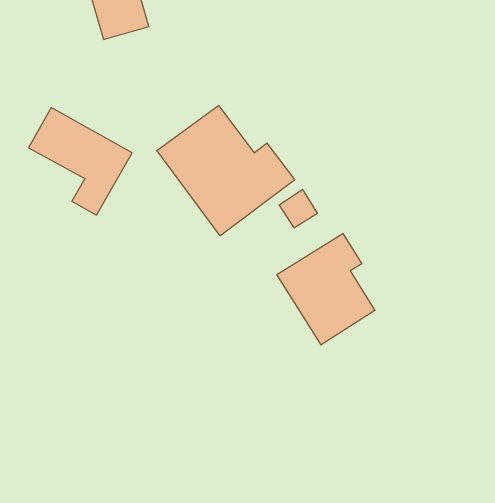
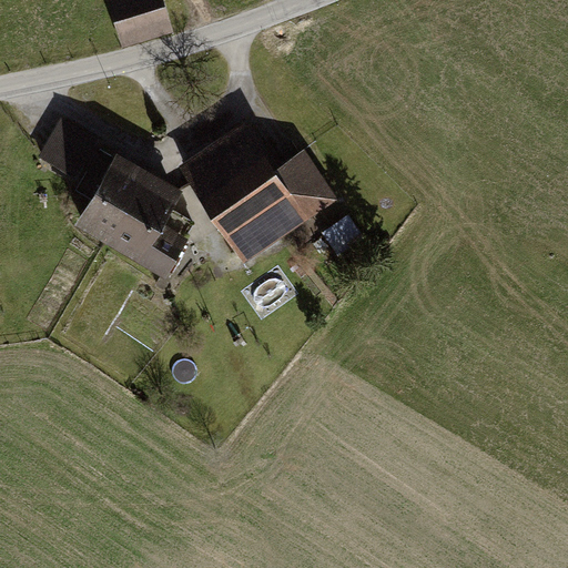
building: none -> [109,172,194,278]
building: [277,233,375,345] -> none

